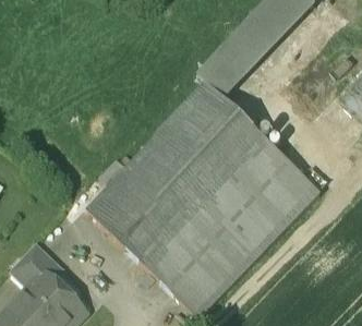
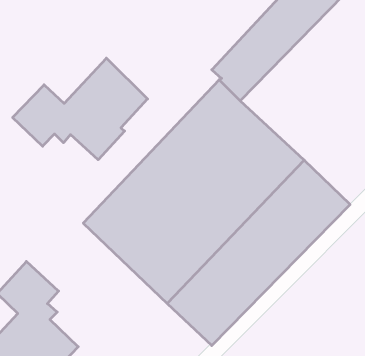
building: none -> [13,58,148,160]

